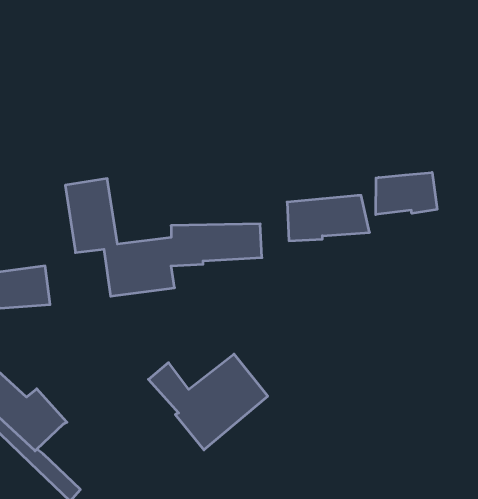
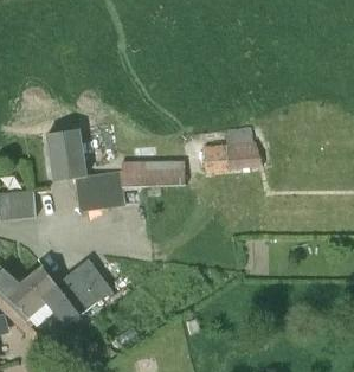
building: [376,172,437,215] -> none
building: [148,354,268,450] -> [27,258,111,326]

